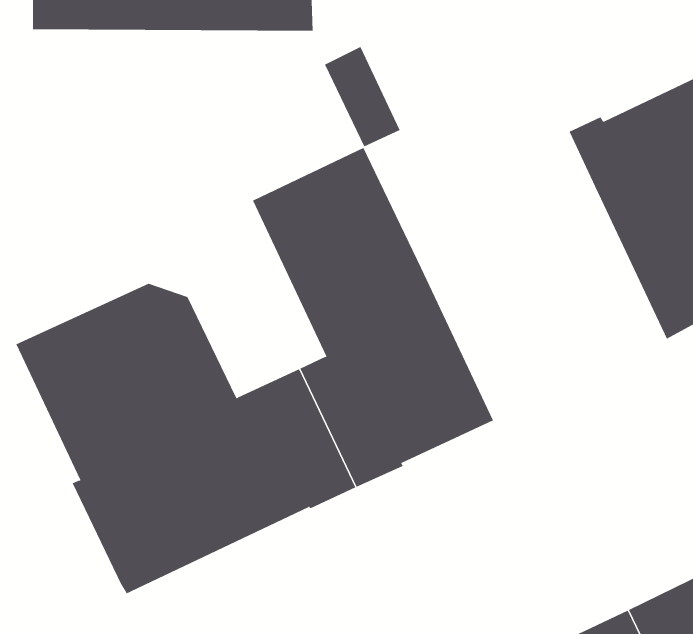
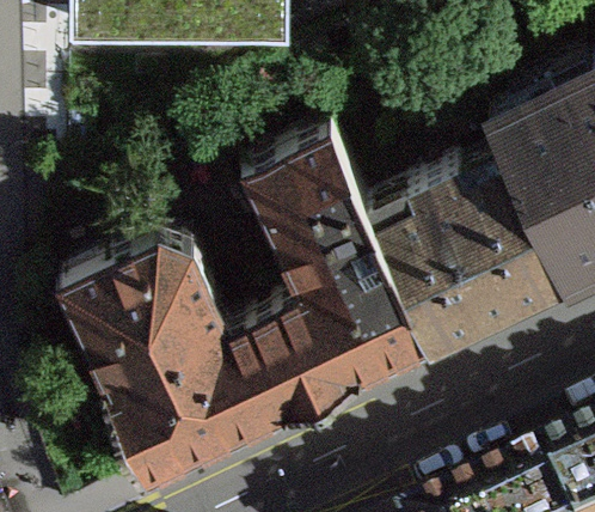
building: none -> [375,154,566,337]

